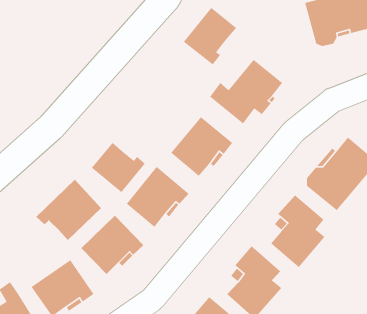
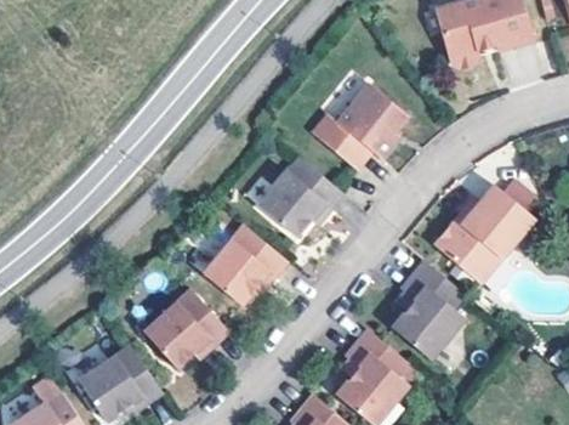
building: [183,7,237,65] -> none
building: [91,142,146,193] -> none
building: [35,179,102,241] -> none

